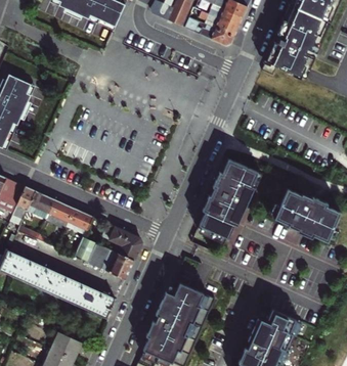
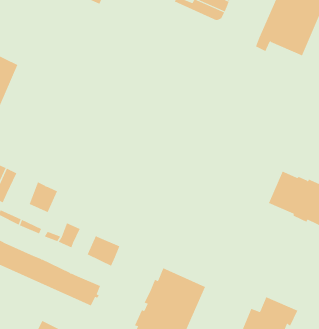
building: [199,158,257,238] -> none
building: [25,190,53,220] -> none
building: [64,208,91,234] -> none
building: [99,223,140,260] -> none

